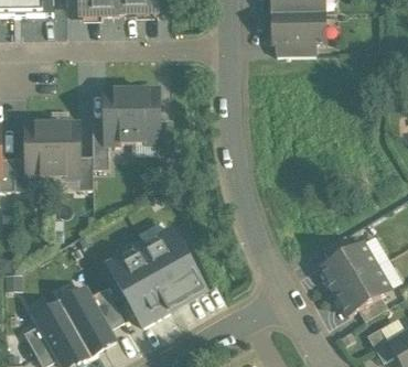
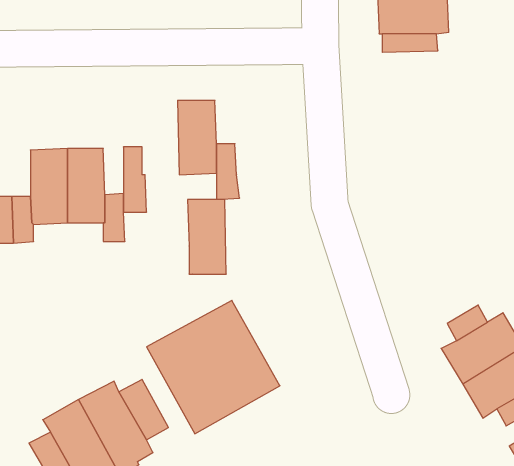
building: [104,89,131,142] -> [188,200,226,274]

